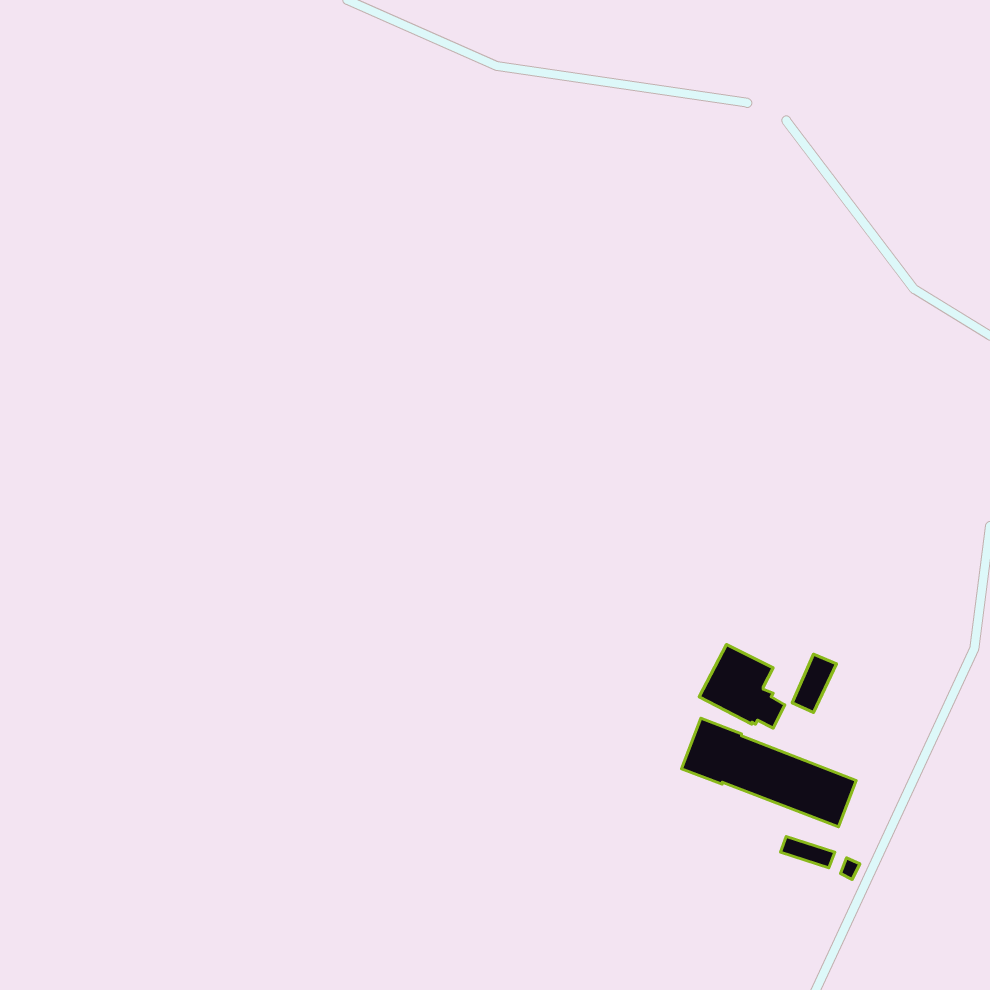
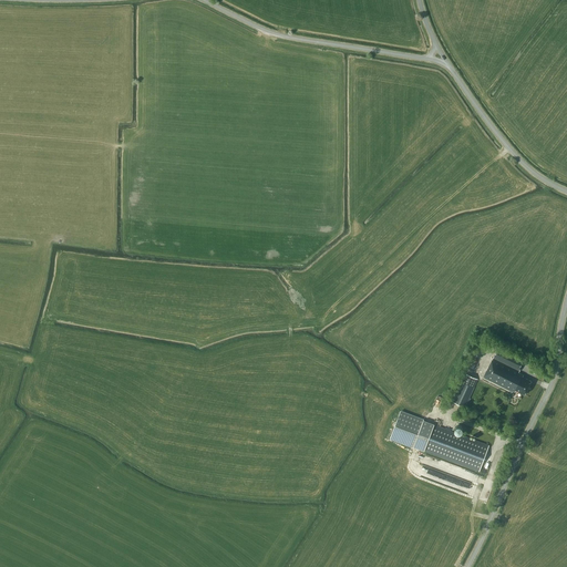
building: [699,645,785,728] -> [482,349,530,396]

